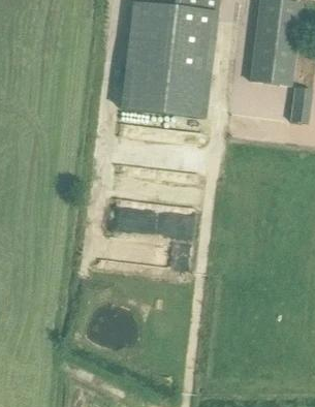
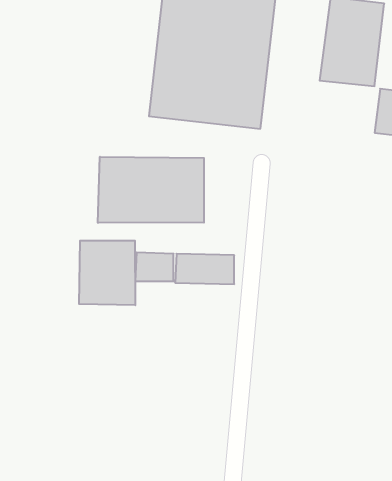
building: none -> [98,157,204,223]
building: none -> [79,241,135,305]

